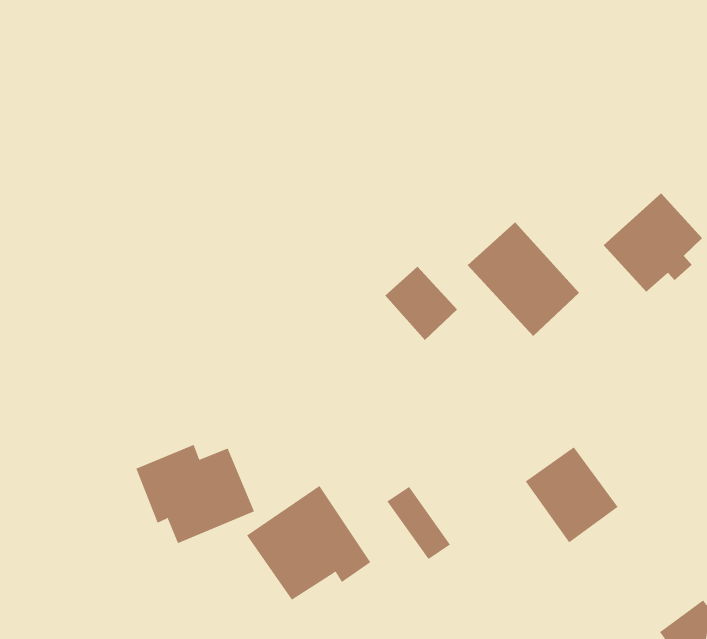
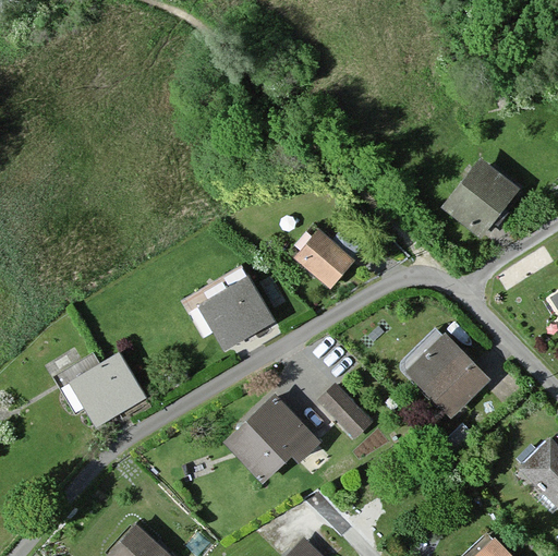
building: [467,222,580,337] -> none
building: none -> [201,280,271,349]
building: [136,444,255,544] -> [57,350,144,422]

